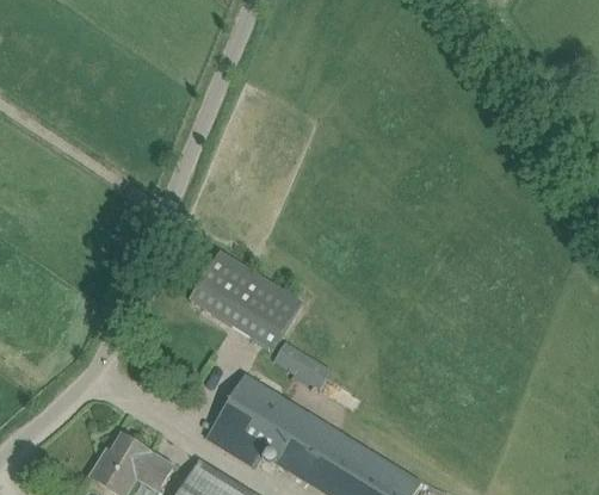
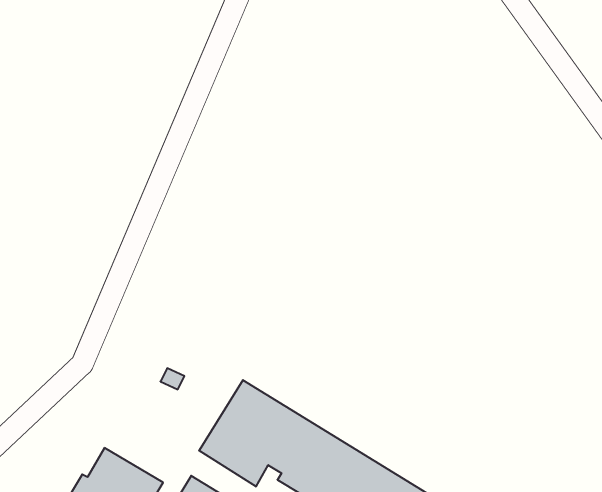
building: [189,250,302,351] -> none
building: [273,340,331,388] -> none

